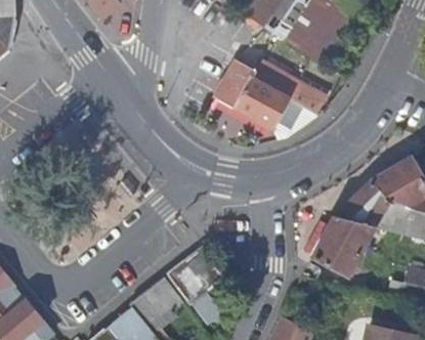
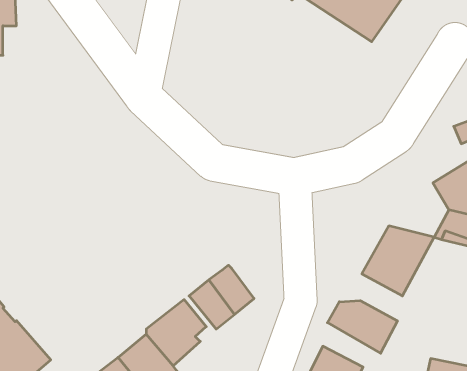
building: [212,58,312,128] -> none
building: [335,180,385,225] -> none
building: none -> [327,301,397,353]

